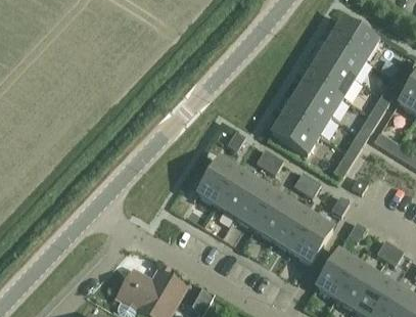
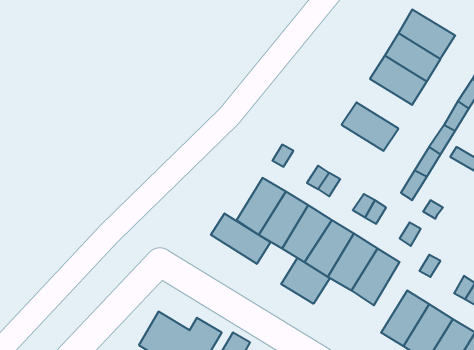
building: [296,77,342,118] -> none
building: [273,115,319,155] -> none
building: none -> [211,213,271,264]
building: none -> [281,258,330,304]

